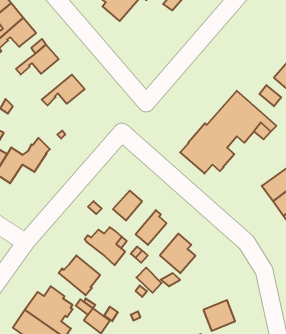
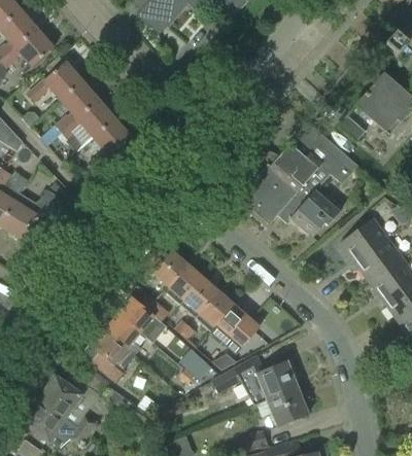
building: none -> [55,81,99,133]
building: none -> [89,119,131,172]
building: none -> [291,179,340,237]
building: none -> [165,259,204,304]
building: none -> [196,286,235,330]
building: none -> [102,314,142,355]
building: none -> [210,353,297,406]

